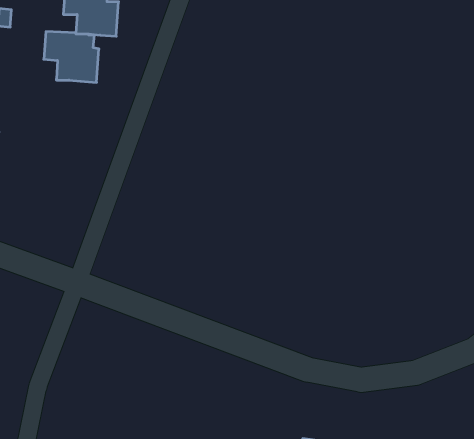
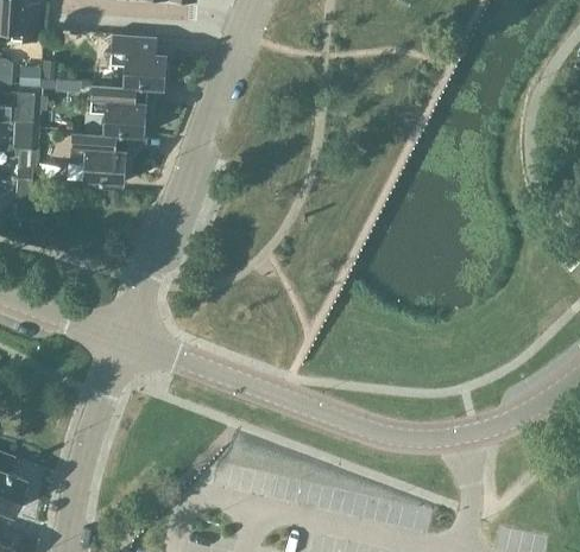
building: none -> [69,131,126,185]

